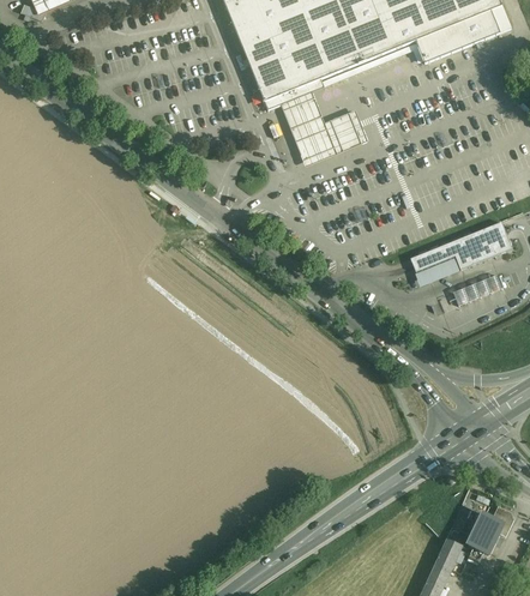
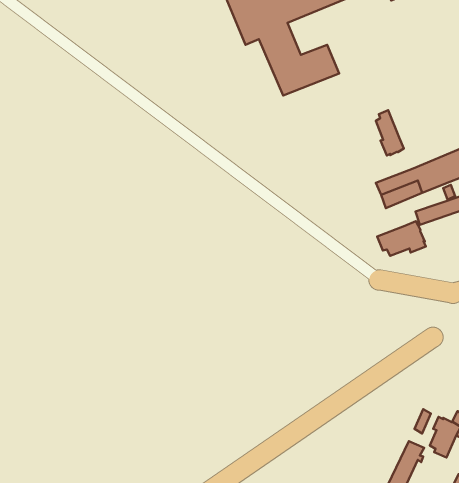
building: none -> [376,110,404,155]
building: none -> [377,221,426,256]

